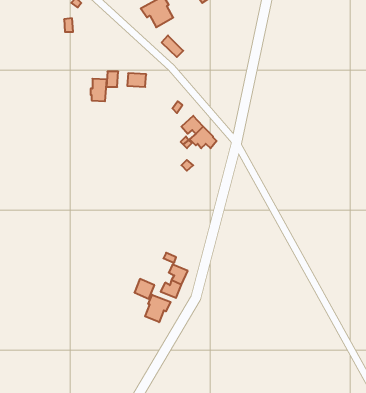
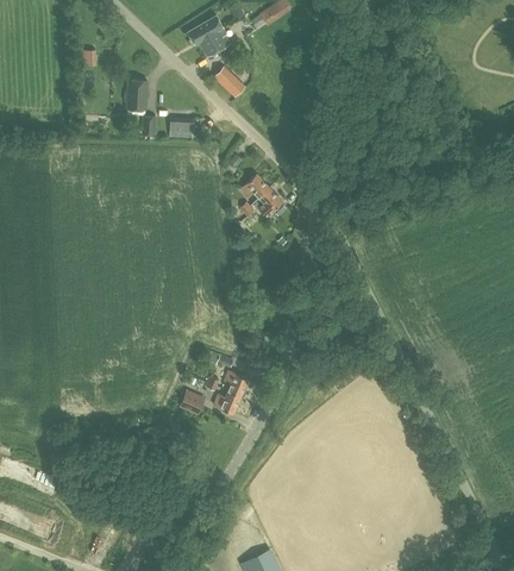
building: [91,79,107,101] -> [126,80,148,109]
building: [145,295,171,322] -> none

